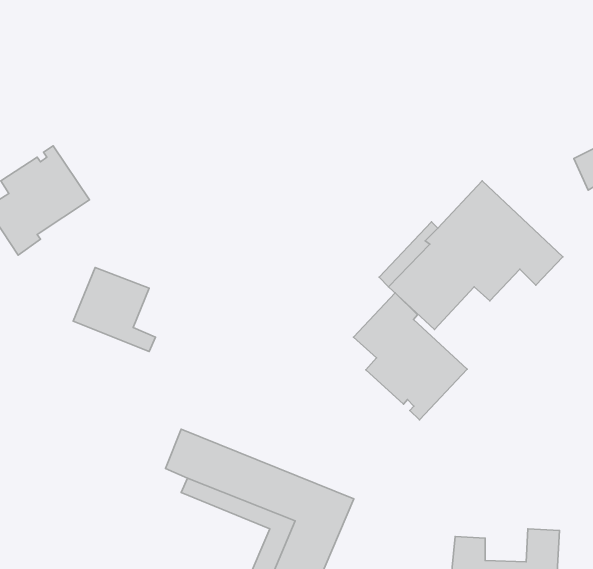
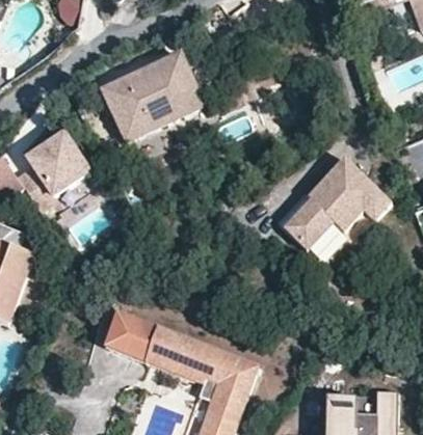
building: none -> [108,57,207,142]
building: [73,268,155,351] -> [101,309,155,364]
building: [354,293,467,420] -> none

